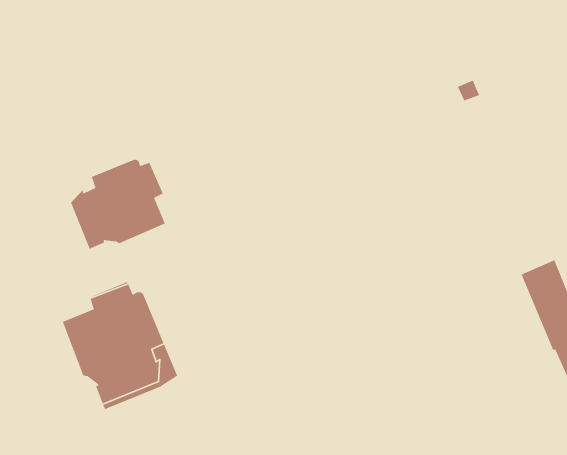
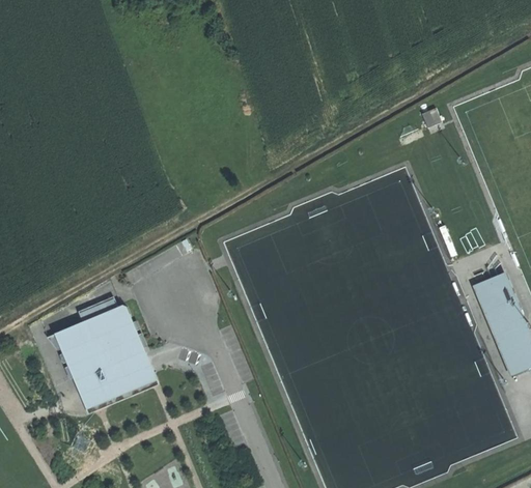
building: [70,159,166,250] -> none

